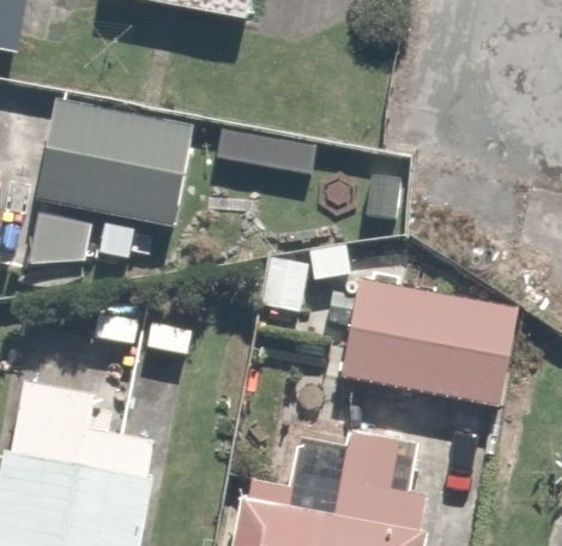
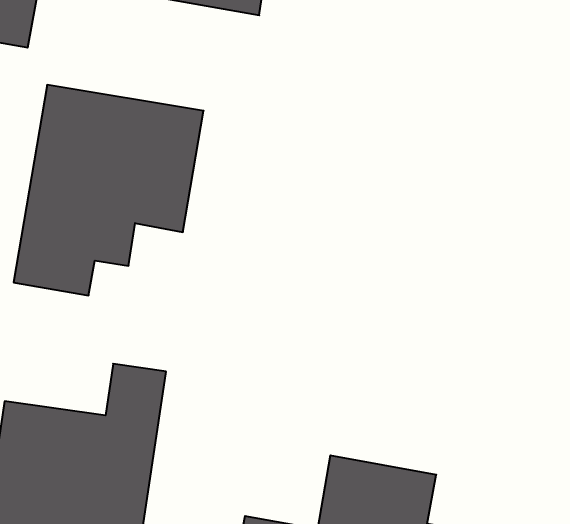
building: [338,282,520,413] -> none

